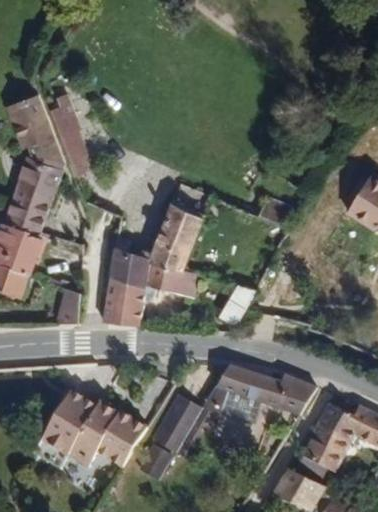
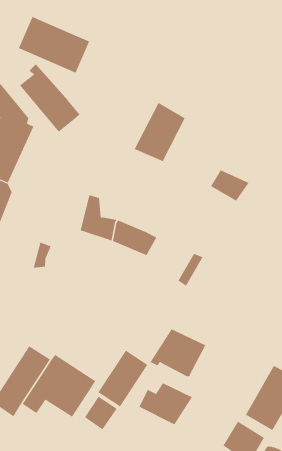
building: none -> [18,16,90,74]
building: [160,198,215,263] -> [134,102,186,162]
building: [110,265,188,319] -> none
building: [255,375,314,421] -> [138,383,193,425]

